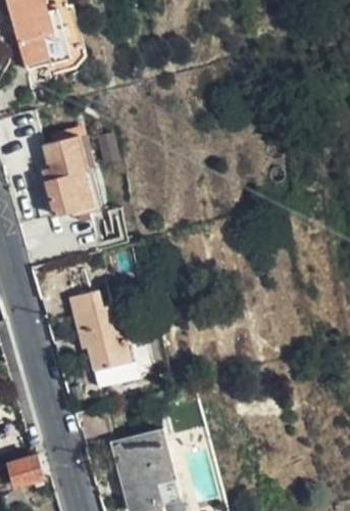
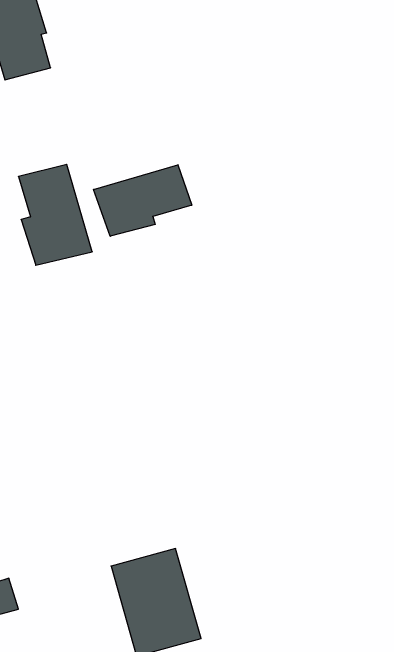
building: none -> [94,165,192,236]
building: [68,294,127,373] -> none

